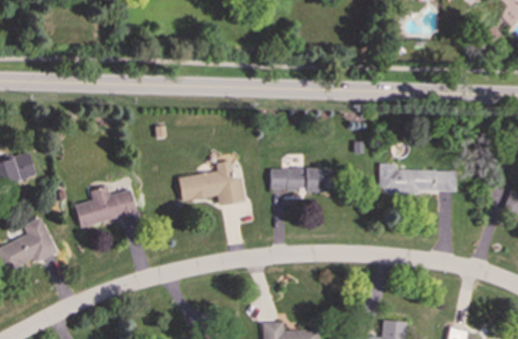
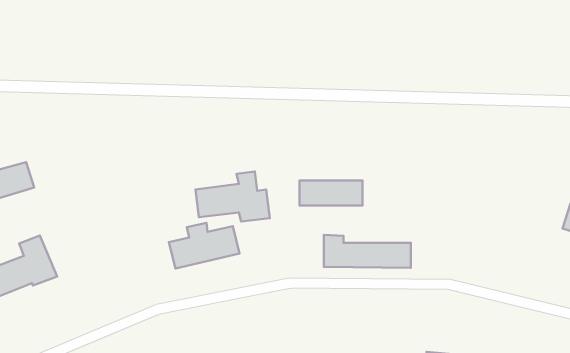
building: [379,163,456,192] -> [324,235,411,268]
building: [75,186,138,227] -> [169,223,240,268]

